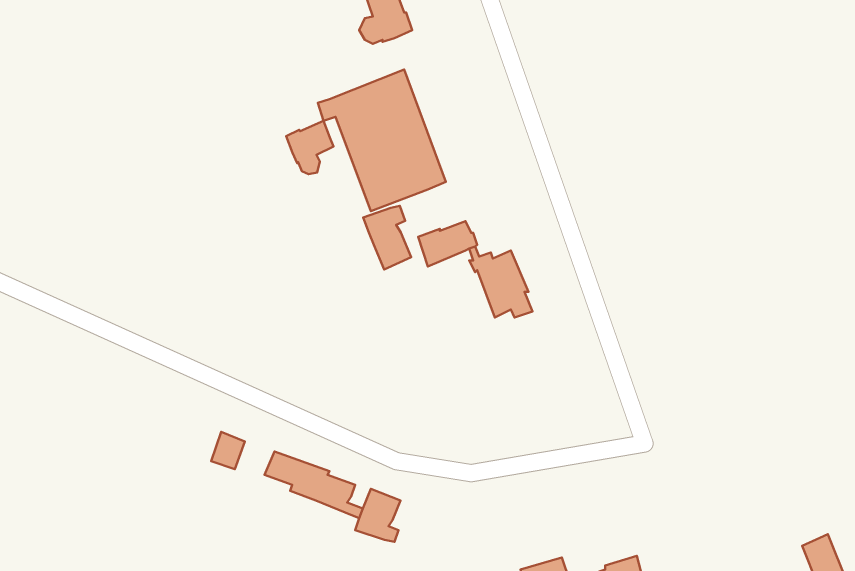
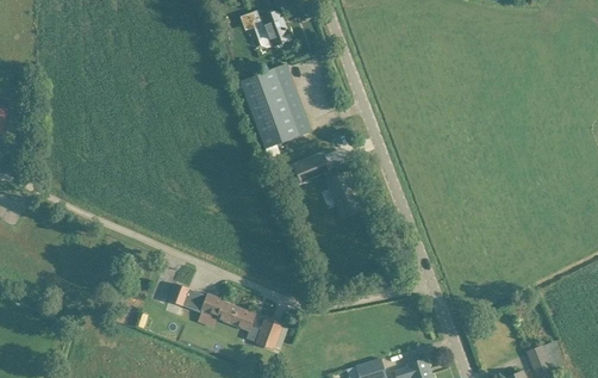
building: [286,121,333,174] -> none
building: [363,206,411,269] -> none

